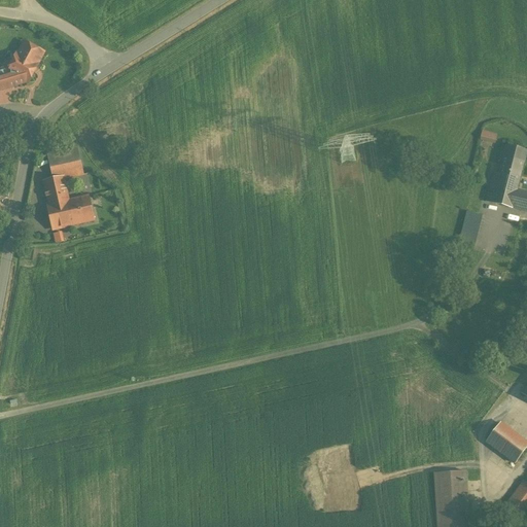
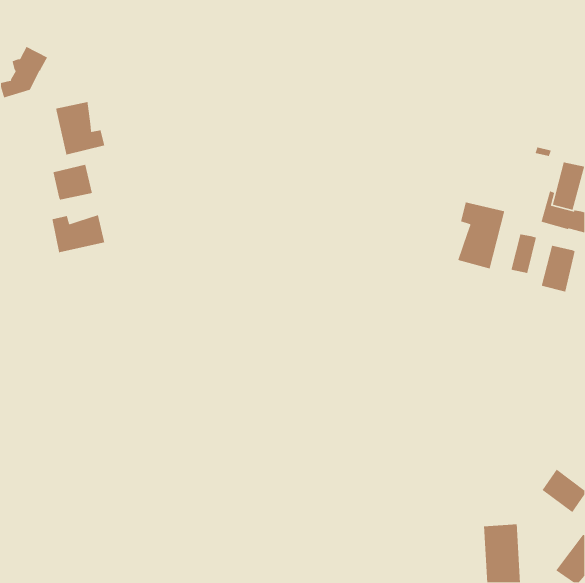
building: none -> [55,101,105,155]
building: [42,178,69,201] -> none
building: none -> [457,202,505,270]
building: none -> [541,245,575,293]

